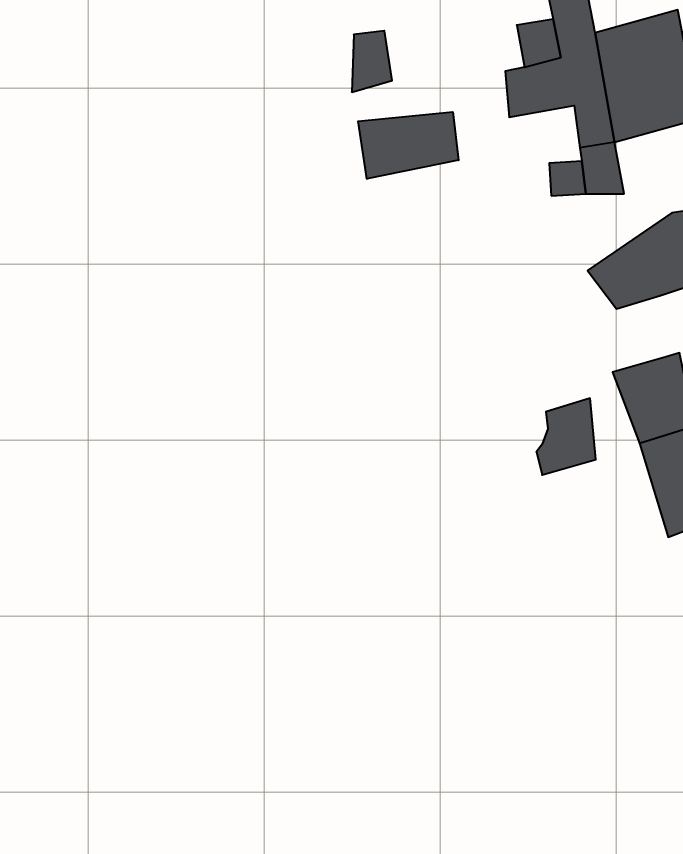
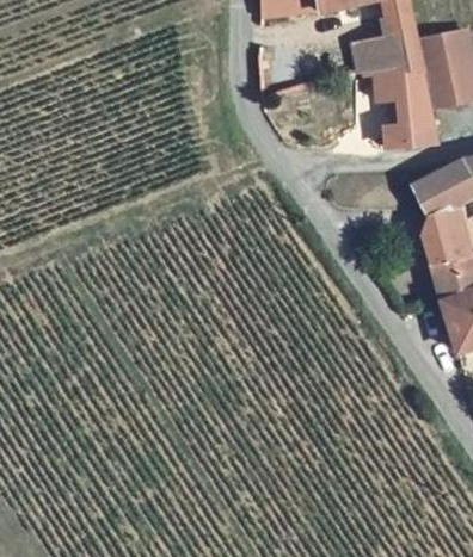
building: [358,112,459,179] -> none
building: [536,398,596,475] -> [422,206,459,254]

